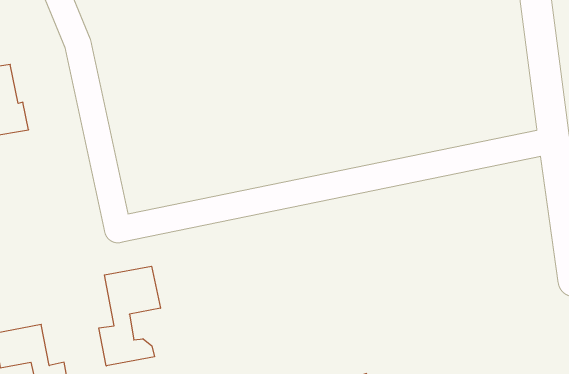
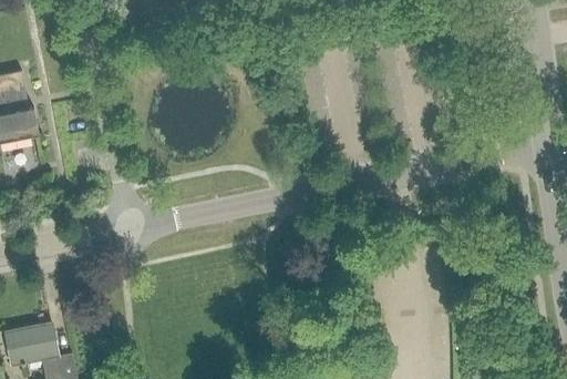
building: [99,266,160,366] -> none

